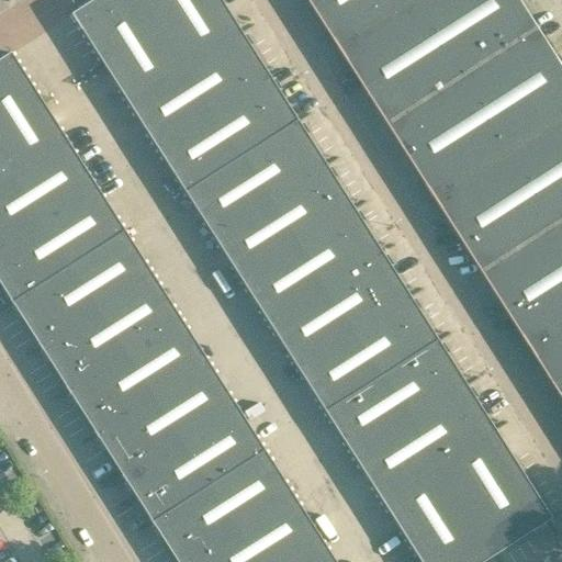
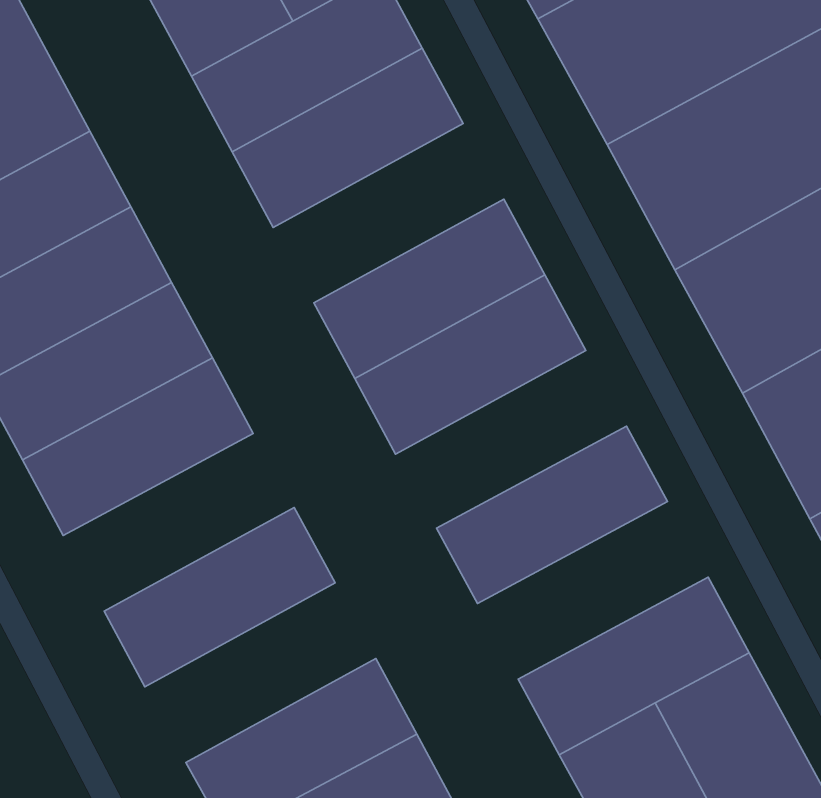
building: [184,119,326,236] -> none
building: [270,254,412,370] -> none
building: [68,319,210,436] -> none
building: [327,344,469,460] -> none
building: [125,408,267,526] -> none

